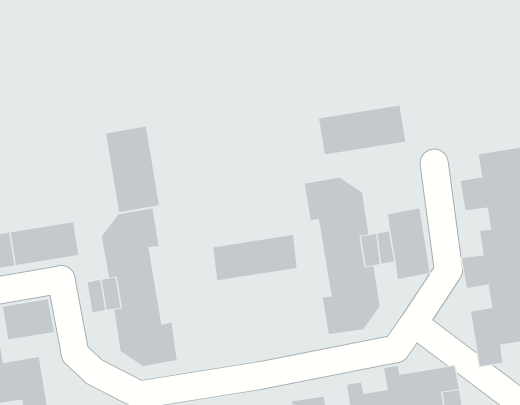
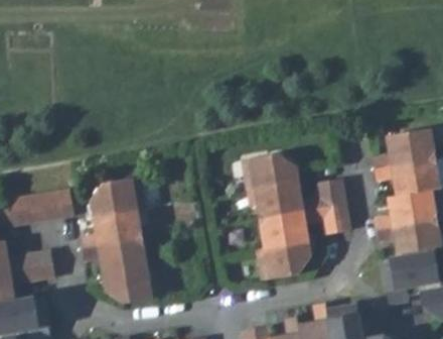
building: [319,105,406,155] -> none
building: [106,126,160,213] -> none
building: [213,234,297,281] -> none

